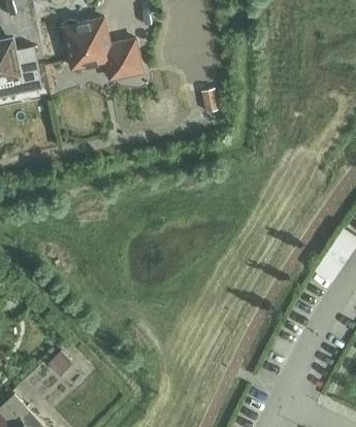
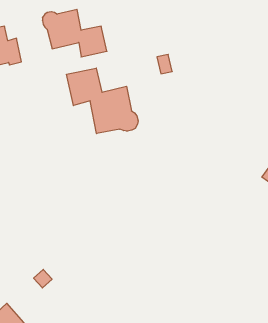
building: none -> [67,68,138,134]

